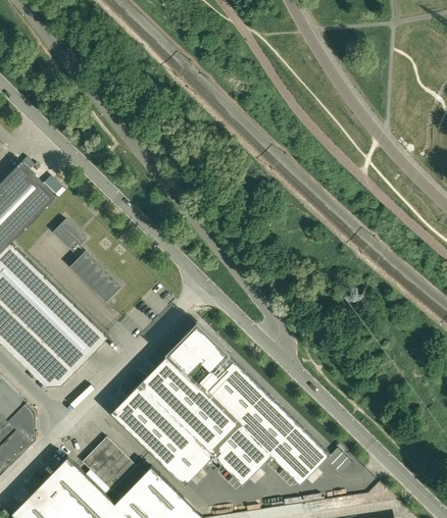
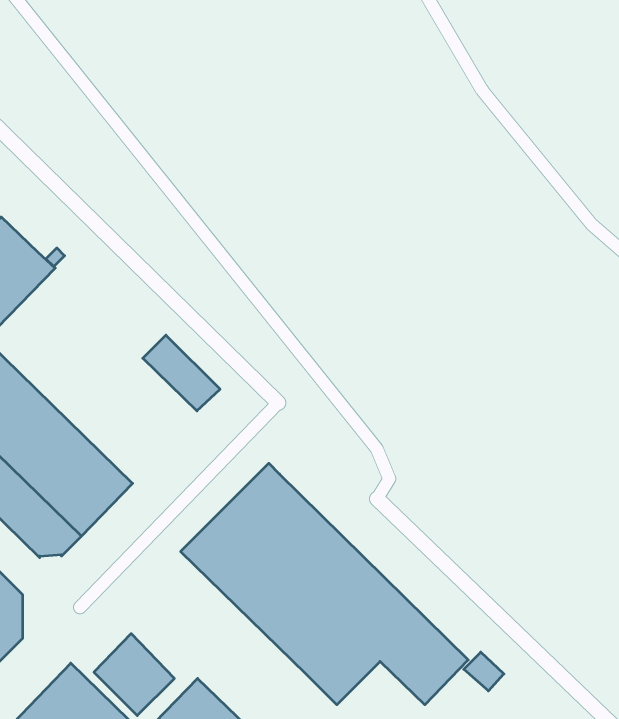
building: [52,220,85,253] -> none
building: [69,252,120,302] -> [143,335,220,411]
building: [110,383,221,485] -> none

